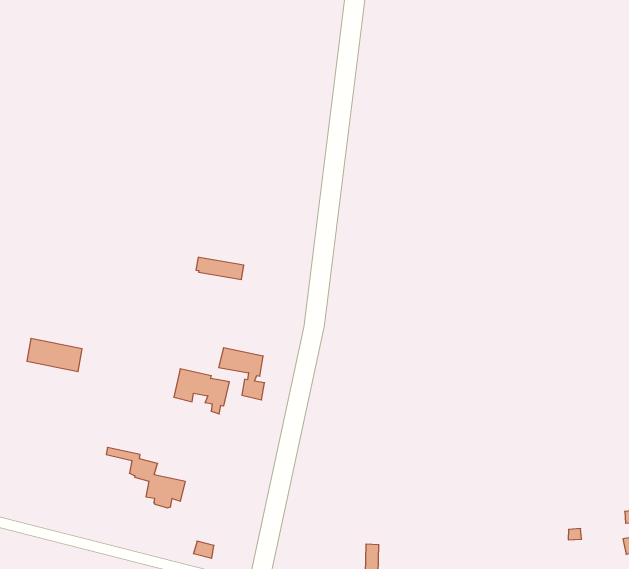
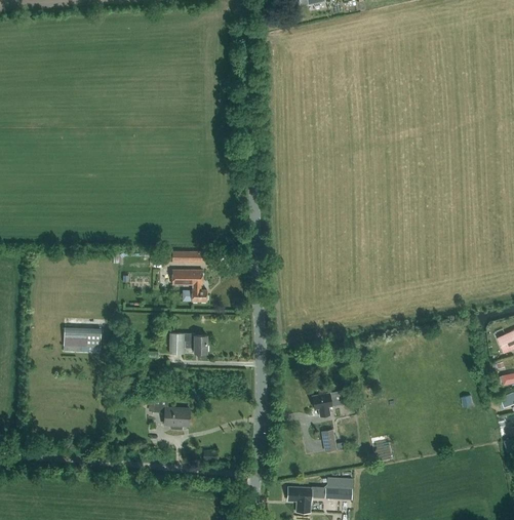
building: [219,348,265,400] -> [172,270,206,302]
building: none -> [312,390,343,417]

